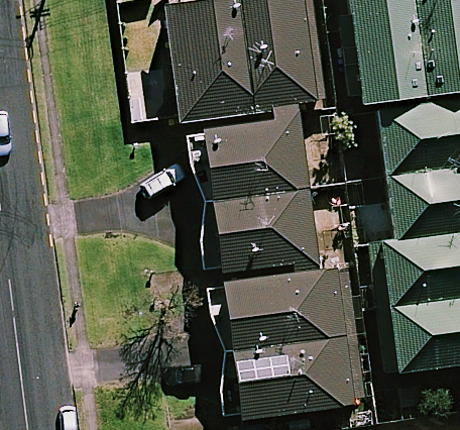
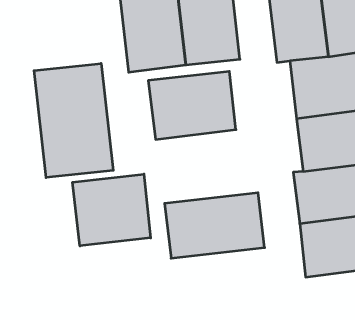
building: none -> [34,63,113,178]
building: [213,190,320,271] -> none
building: none -> [73,174,151,246]
building: [232,335,355,418] -> none

